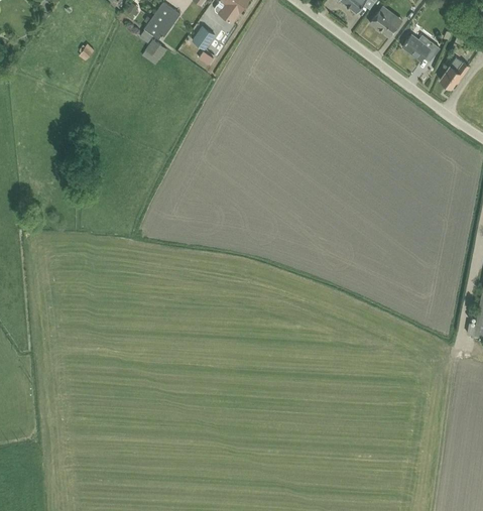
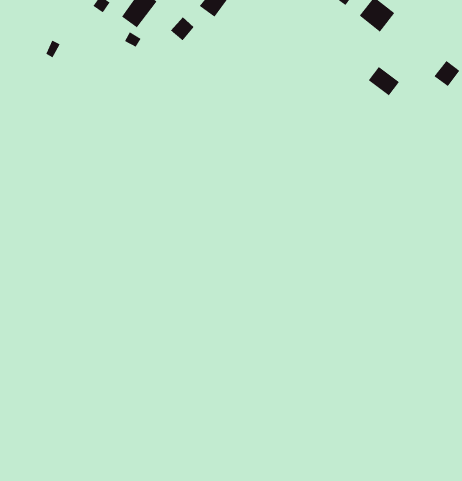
building: [404,33,435,61] -> [368,66,400,96]

